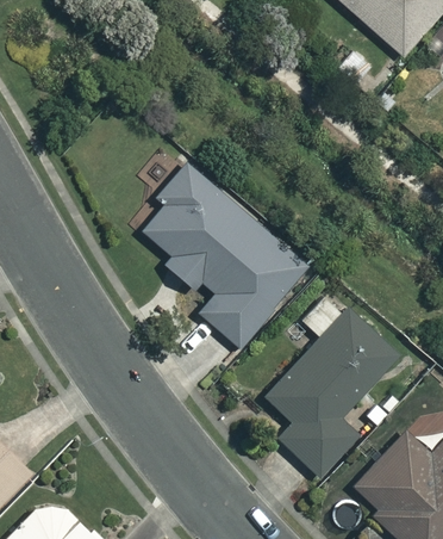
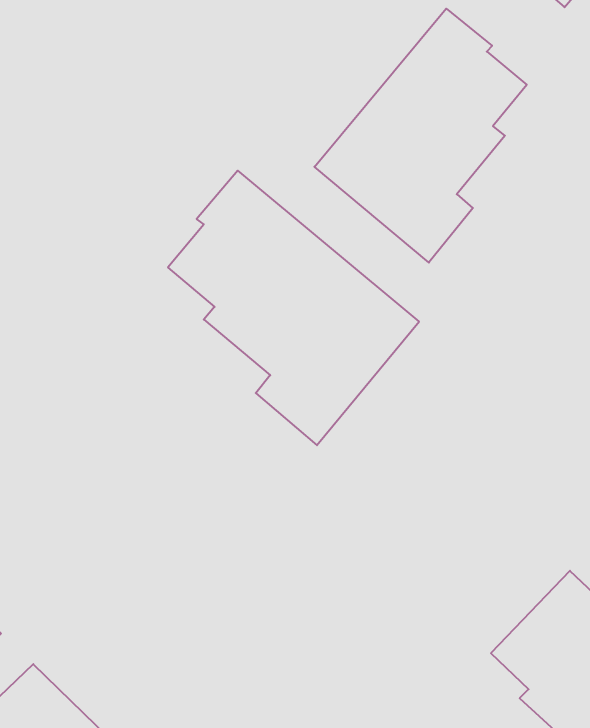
building: none -> [314,9,527,263]
building: [267,306,399,477] -> none

